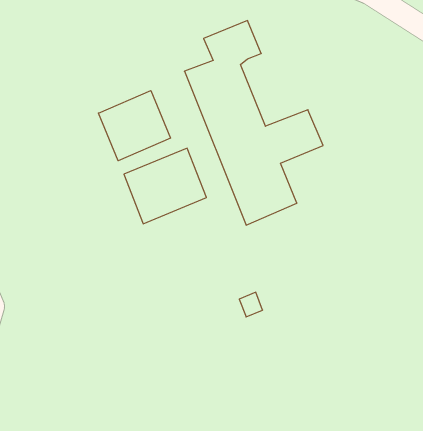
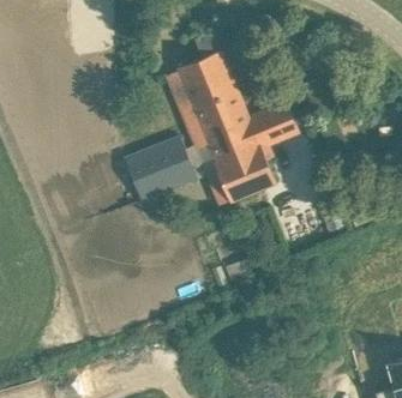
building: [98,91,170,161] -> none

